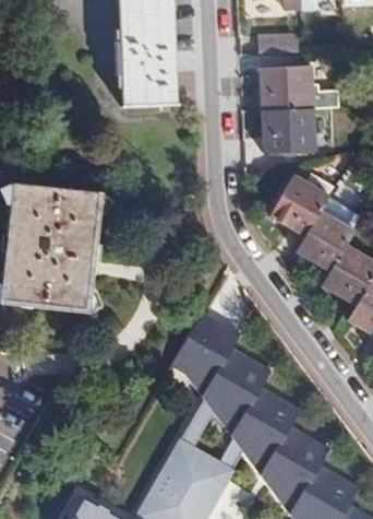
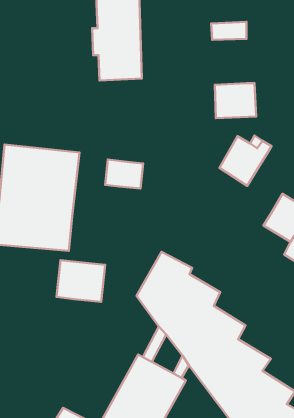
building: [263,69,313,113] -> none
building: none -> [105,160,143,188]
building: [298,210,354,269] -> none
building: none -> [56,260,105,302]

